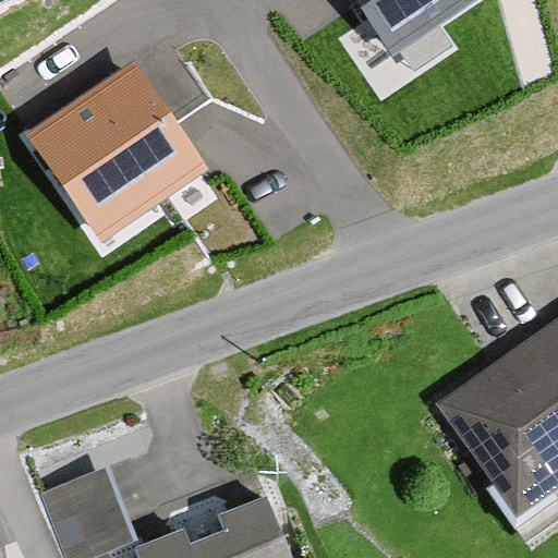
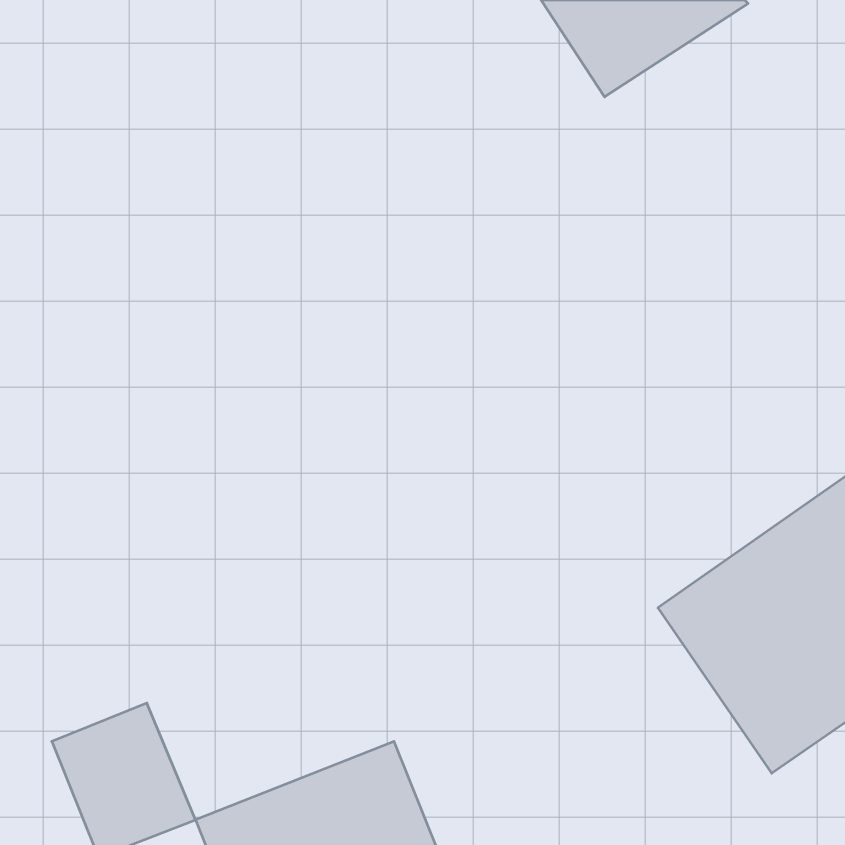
building: [38,82,208,252] -> none

